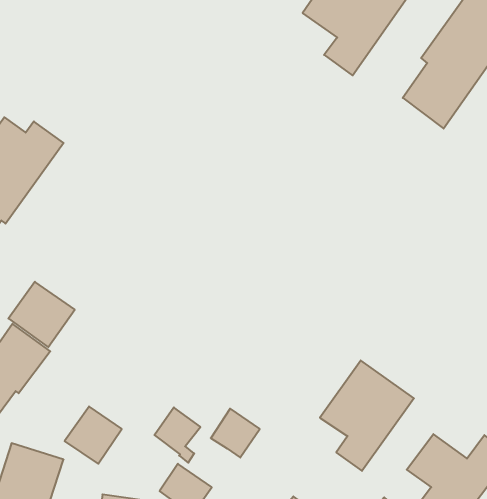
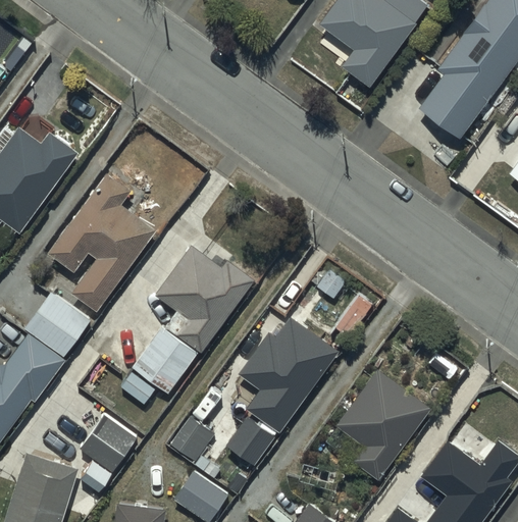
building: none -> [48,168,156,312]
building: none -> [134,246,253,395]
building: none -> [238,316,338,433]

